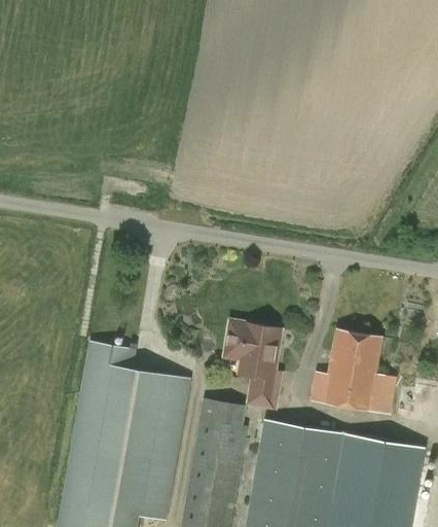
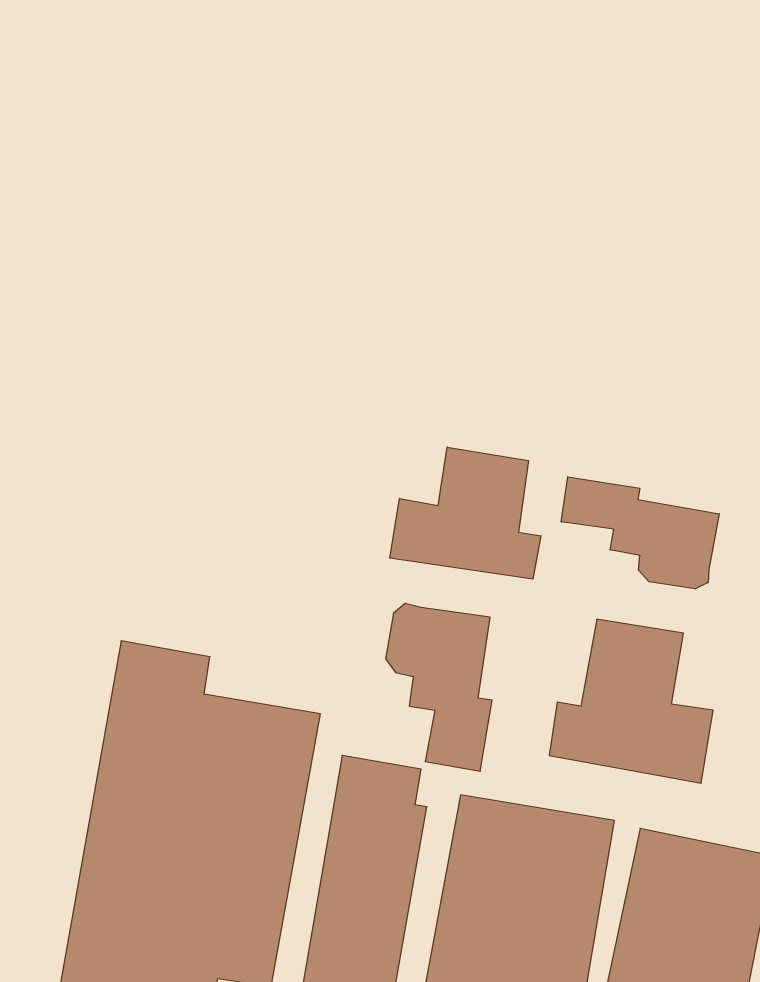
building: none -> [390,447,541,579]
building: none -> [561,477,719,589]

